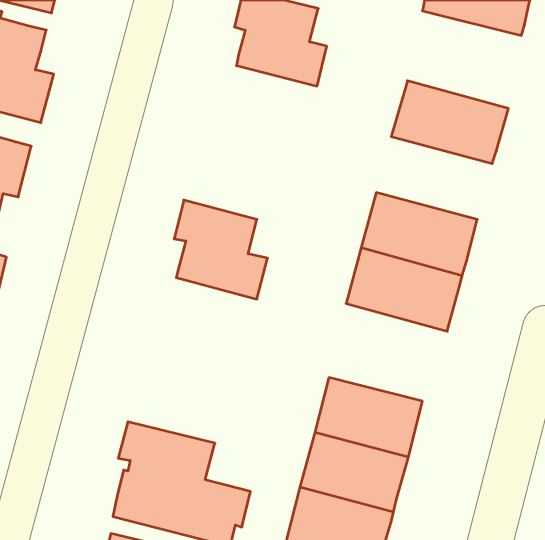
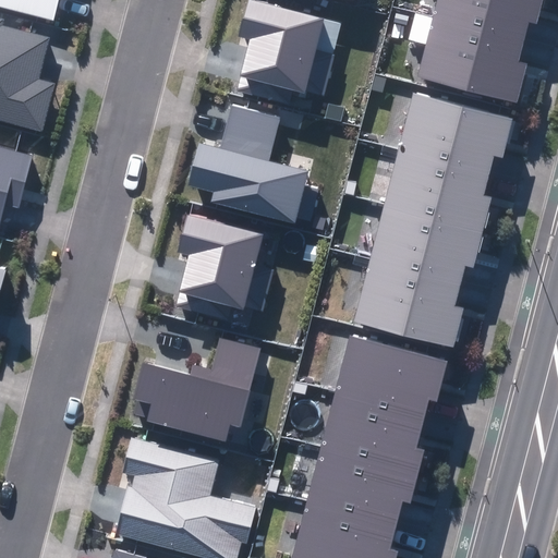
building: none -> [414,21,529,102]
building: none -> [187,106,317,222]
building: none -> [381,148,499,232]
building: none -> [333,337,444,416]
building: none -> [135,339,259,435]

